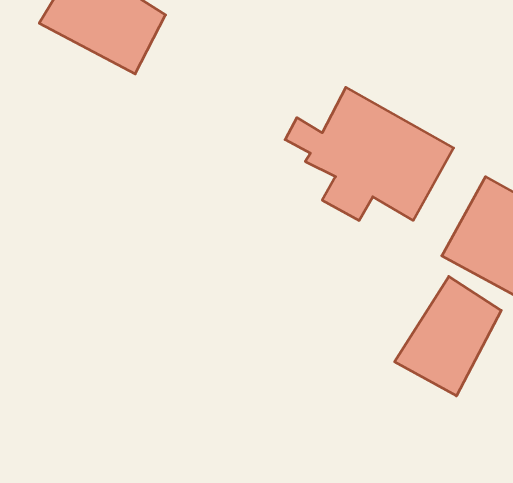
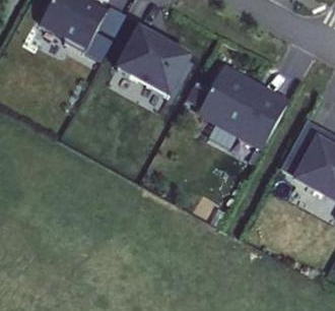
building: none -> [117,19,199,98]
building: [395,276,501,396] -> none

